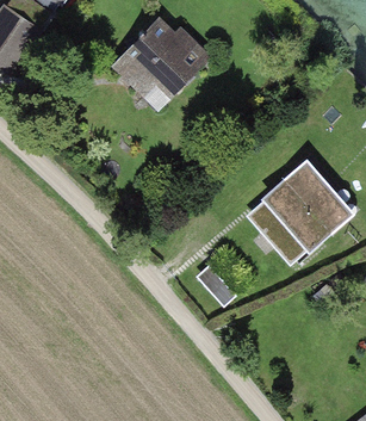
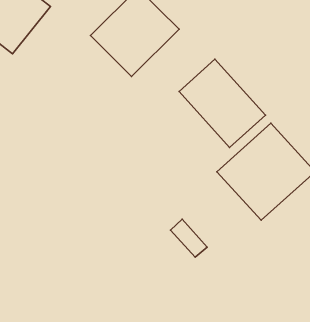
building: none -> [179,59,265,147]

